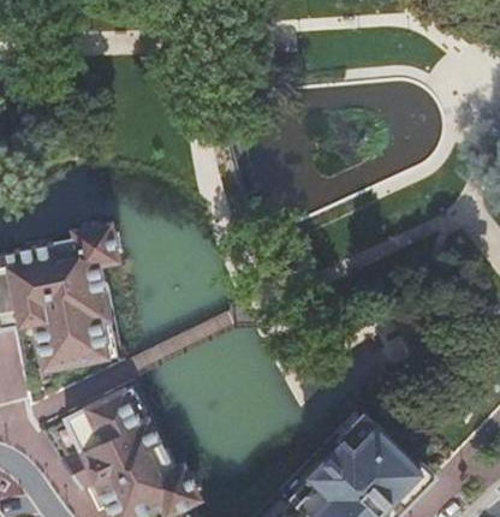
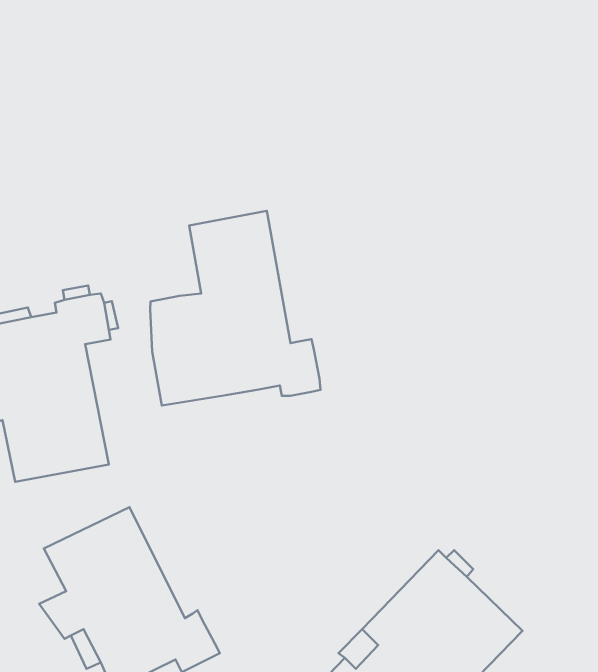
building: none -> [150,211,320,405]

